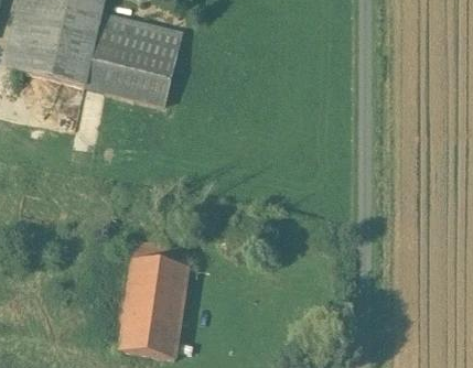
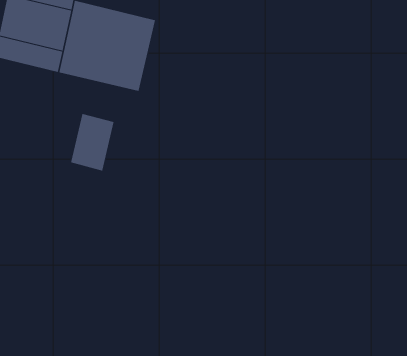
building: none -> [70,113,114,171]
building: [120,242,189,358] -> none

